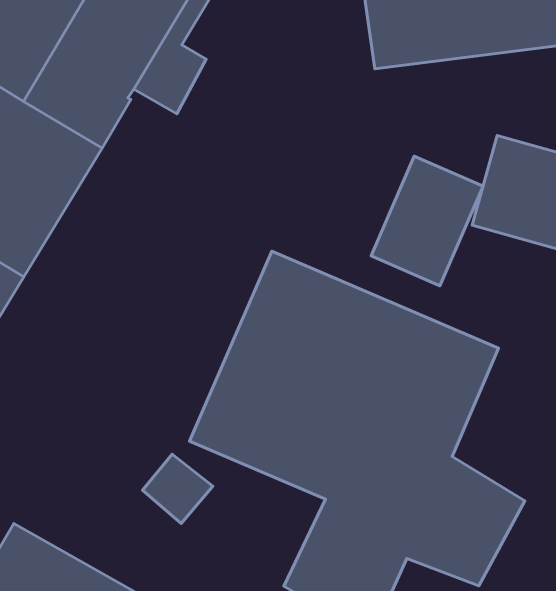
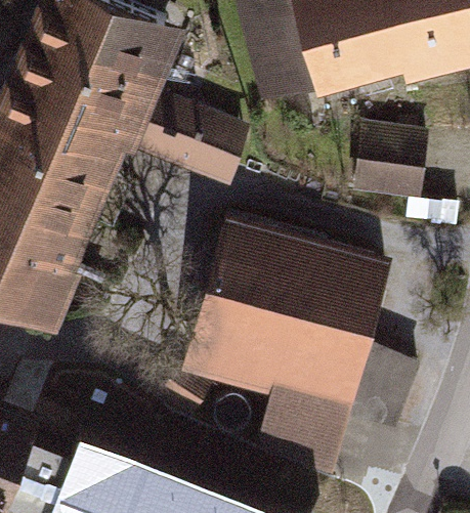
building: none -> [152,104,246,173]
building: [371,156,483,286] -> none

